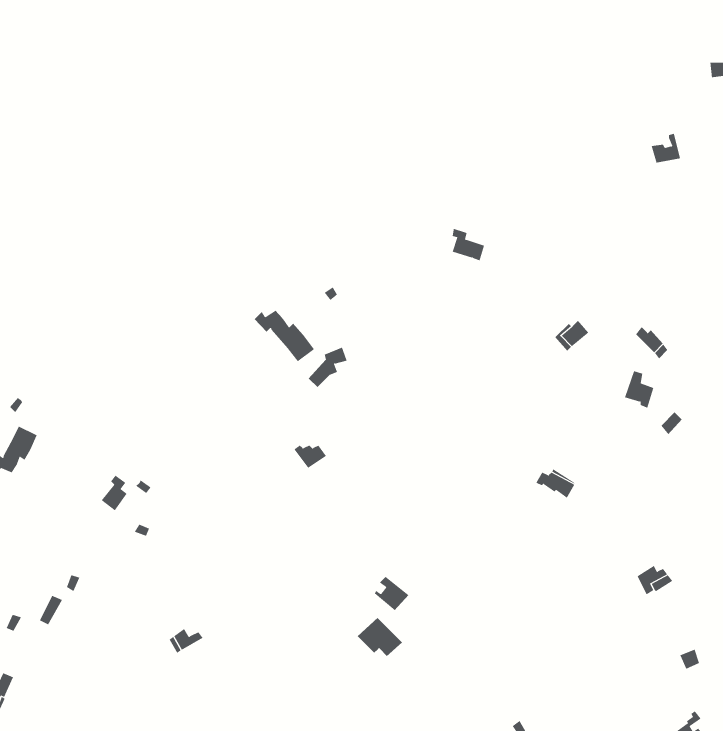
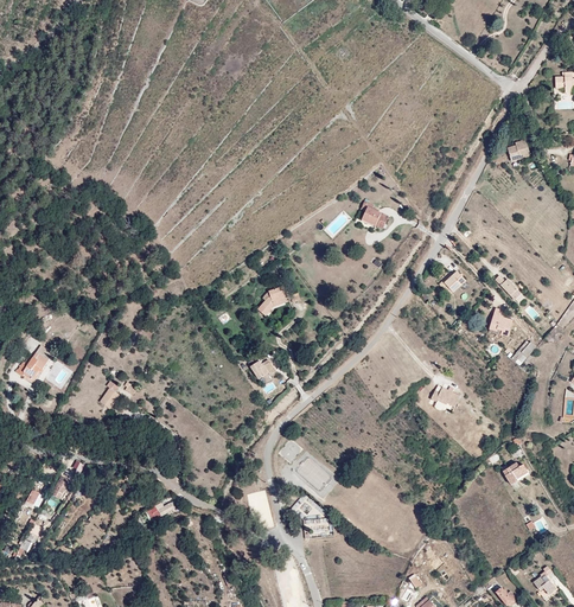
building: [254,310,315,362] -> none

